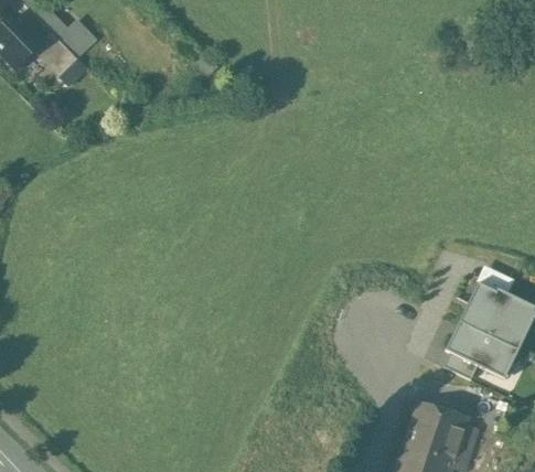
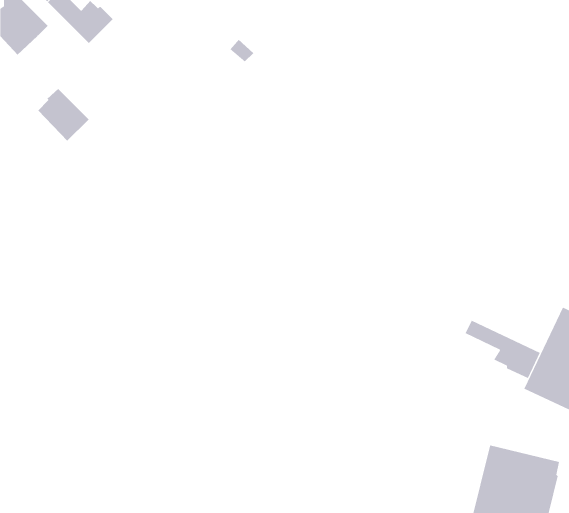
building: [33,34,77,79] -> [37,88,89,142]
building: none -> [465,320,541,379]

